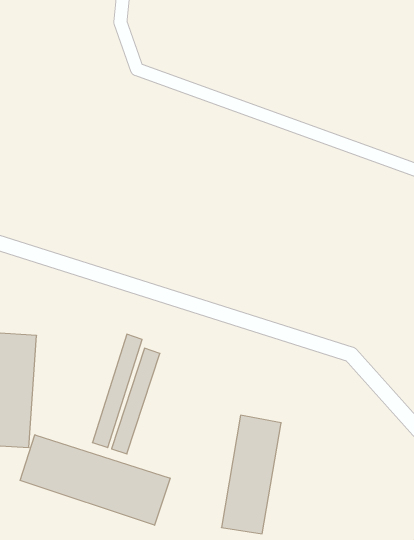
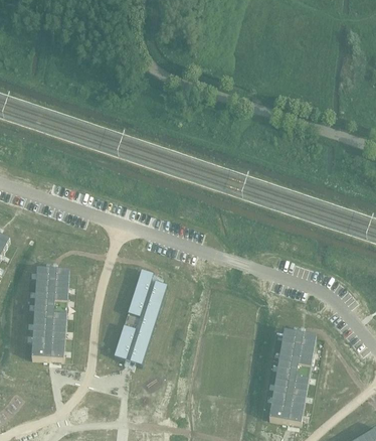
building: [221,415,281,534] -> [267,329,315,423]
building: [20,435,170,525] -> none

